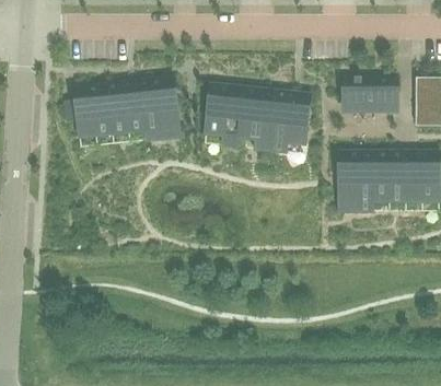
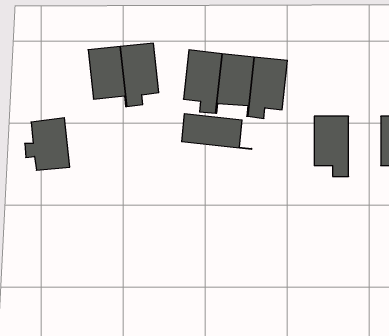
building: [343,82,397,115] -> none
building: [67,87,113,141] -> [25,118,70,170]
building: none -> [182,114,252,149]
building: [373,155,406,206] -> none

